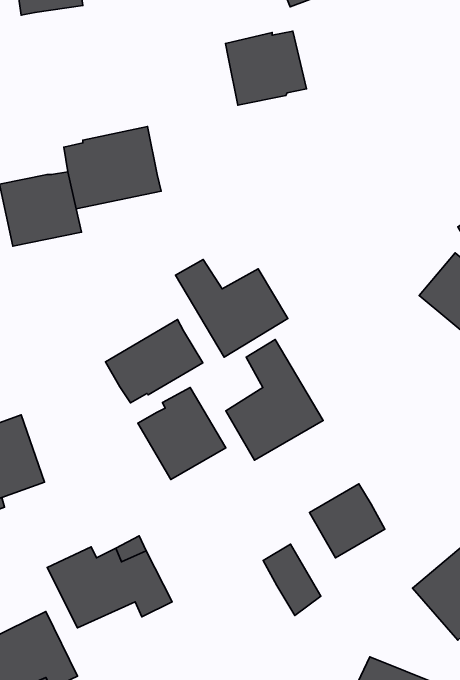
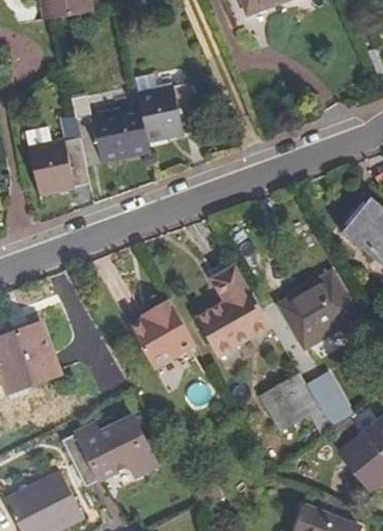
building: [225,31,306,105] -> [136,84,197,140]
building: [176,260,288,357] -> none
building: [106,319,203,403] -> none
building: none -> [277,271,358,347]
building: [263,544,321,616] -> [307,376,351,430]

